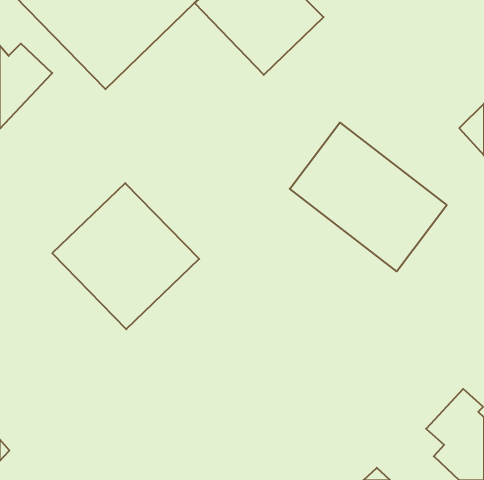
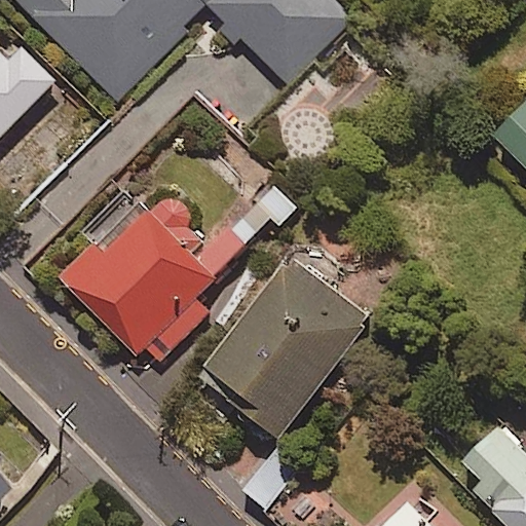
building: [290,123,447,271] -> none
building: none -> [203,262,369,437]

